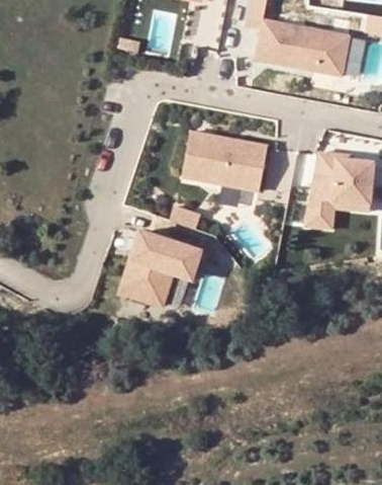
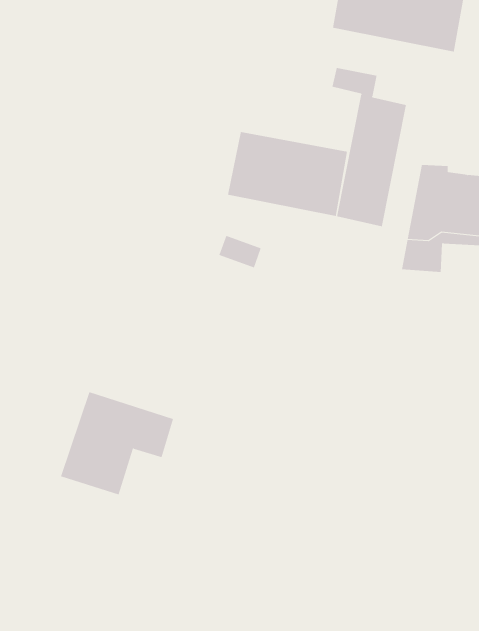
building: none -> [332,67,407,227]
building: [120,232,200,305] -> [60,391,174,495]

